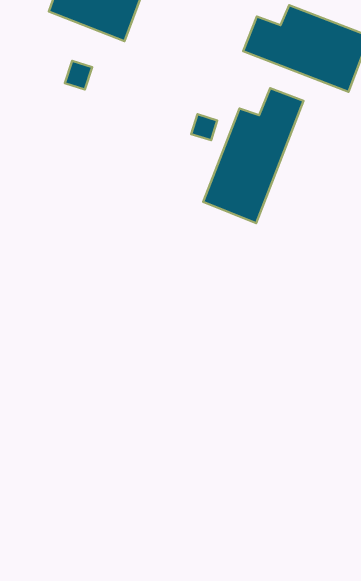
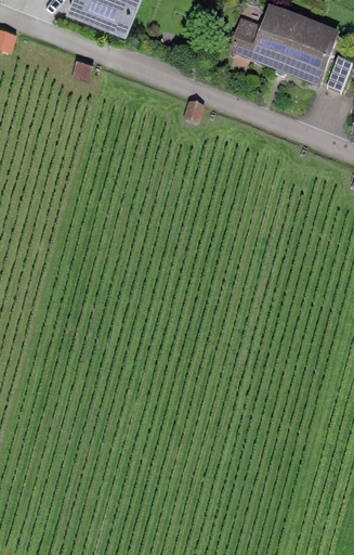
building: [203,88,304,223] -> none

